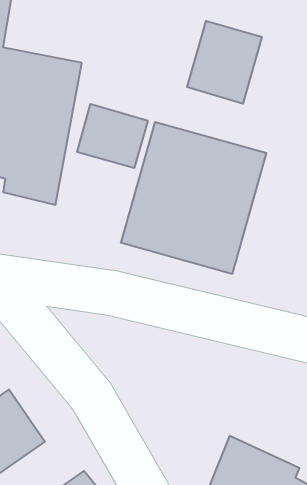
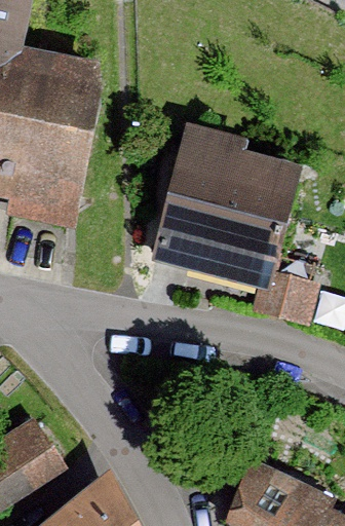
building: [187,21,262,104] -> none
building: [77,104,148,168] -> none

